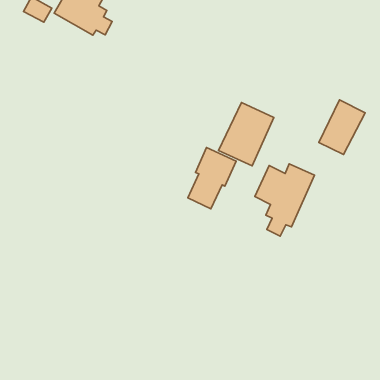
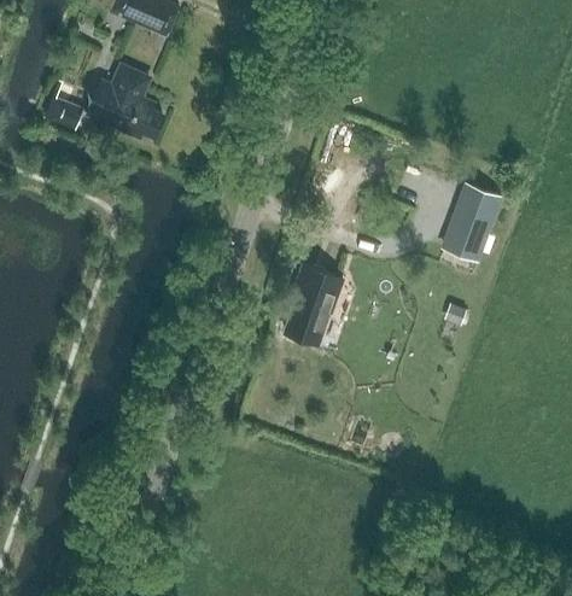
building: [218,102,274,166] -> none
building: [255,164,315,236] -> none

